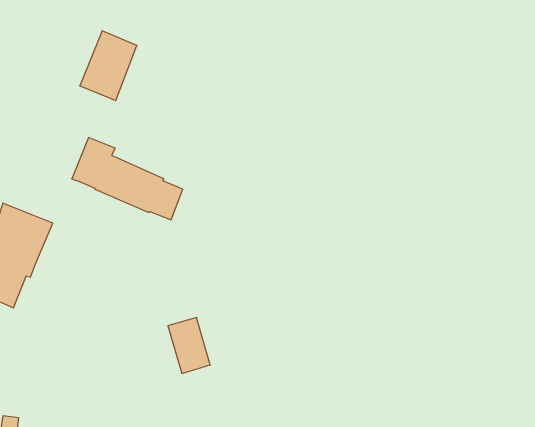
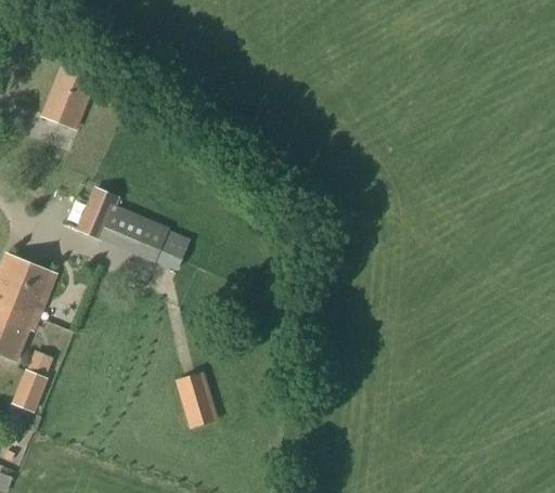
building: [80,31,137,101] -> [39,60,98,131]
building: none -> [13,350,52,411]

